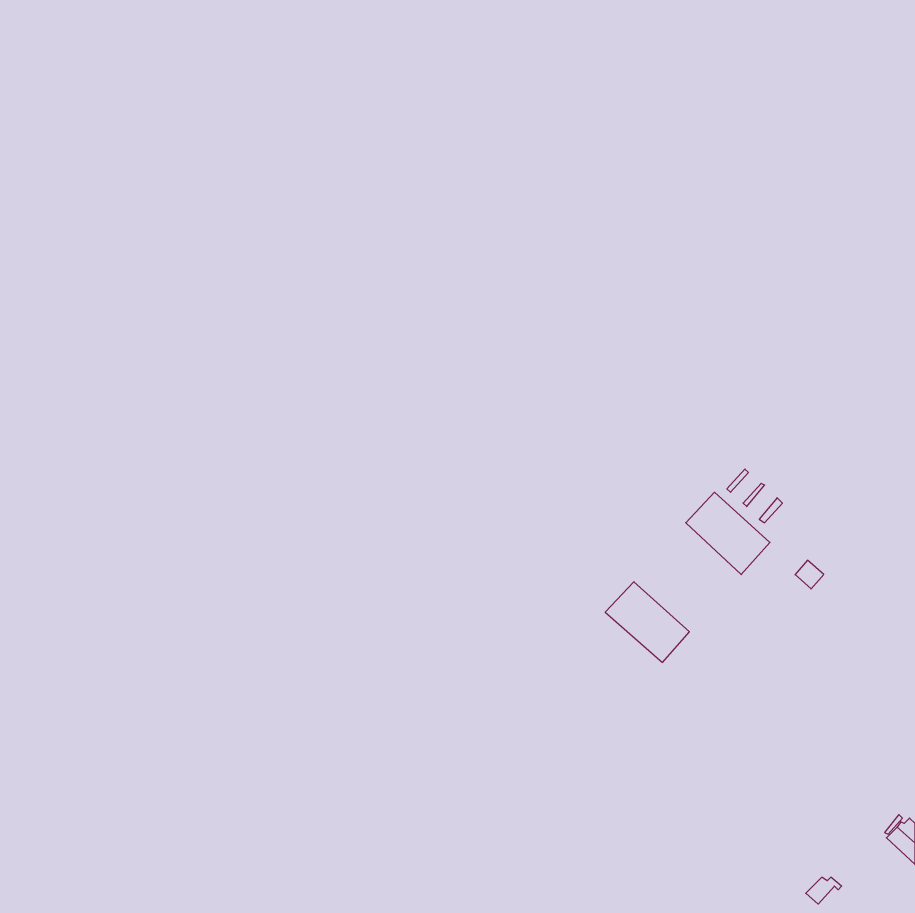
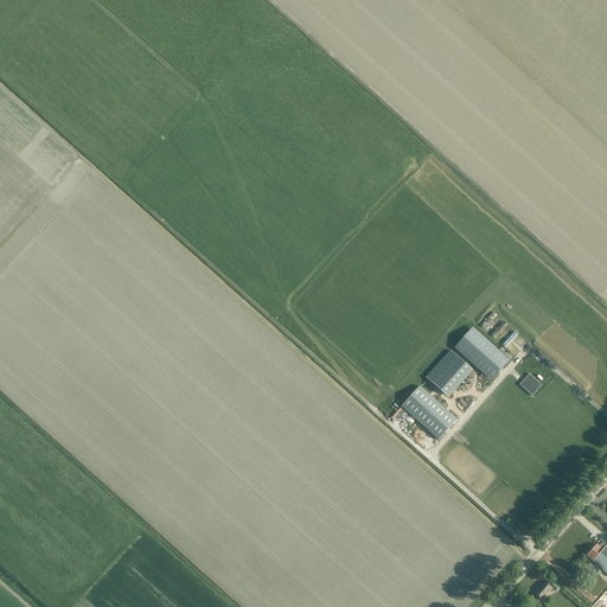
building: none -> [427,350,469,394]

